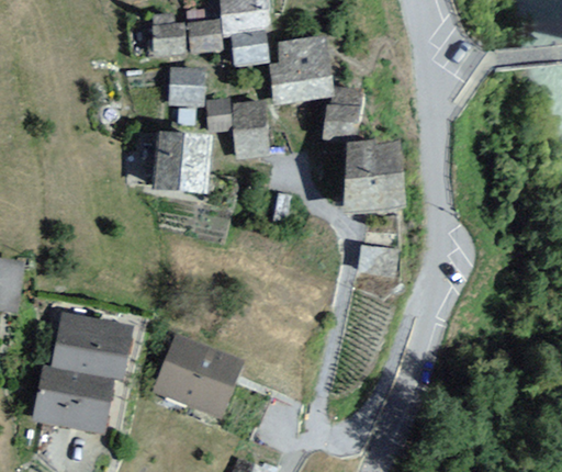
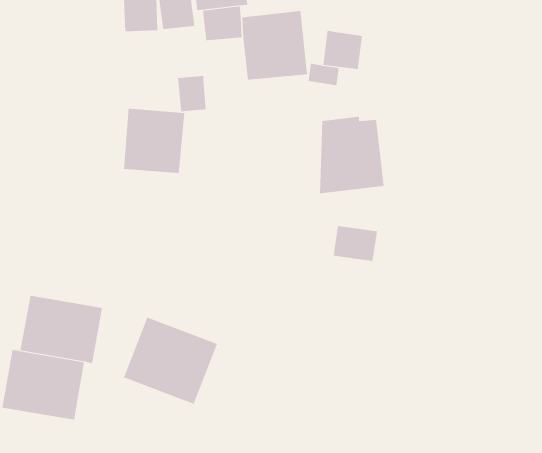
building: [166,65,204,106] -> none
building: [231,99,269,158] -> none
building: [321,102,360,141] -> [322,30,363,70]

